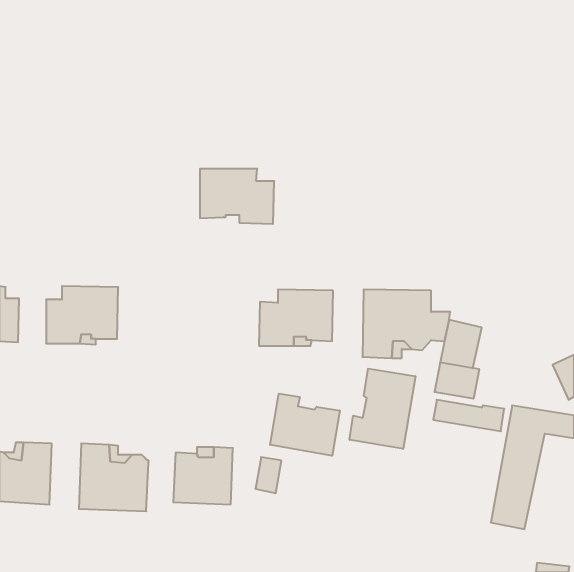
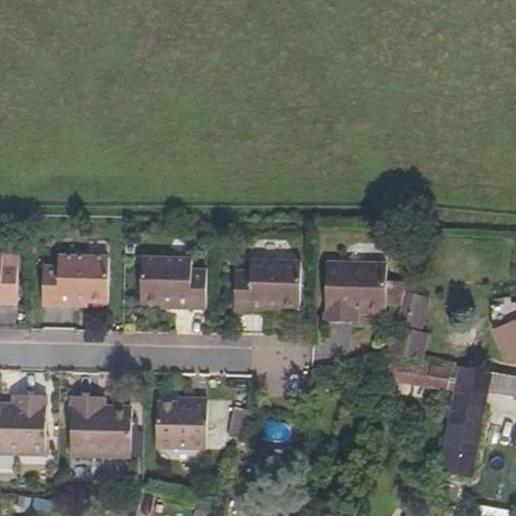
building: [200,169,274,224] -> [139,259,206,308]
building: [350,369,415,449] -> none
building: [270,394,340,456] -> none

